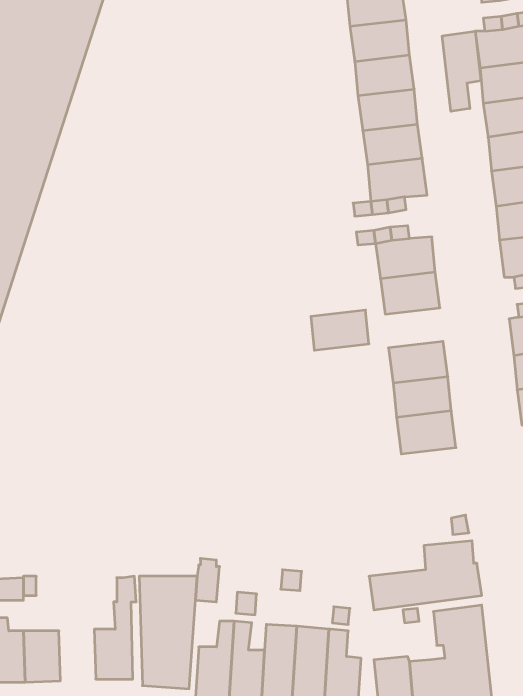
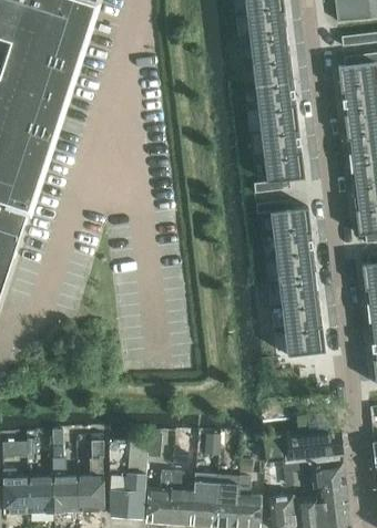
building: [442,31,481,111] -> none
building: [311,310,369,350] -> [276,255,316,282]
building: none -> [51,436,77,511]

